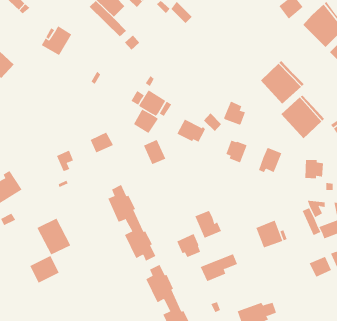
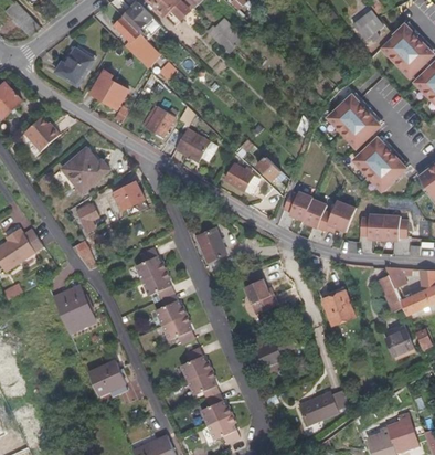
building: none -> [91,74,128,109]
building: none -> [22,116,57,149]
building: [224,101,246,126] -> [303,199,330,230]
building: none -> [60,148,107,192]
building: [133,109,159,134] -> [144,106,176,137]
building: [143,139,166,165] -> [200,230,229,262]
building: none -> [359,214,383,239]
building: [176,233,201,258] -> none
building: [29,255,60,284] -> [86,361,124,396]

